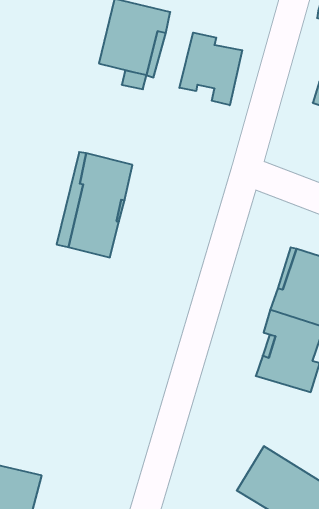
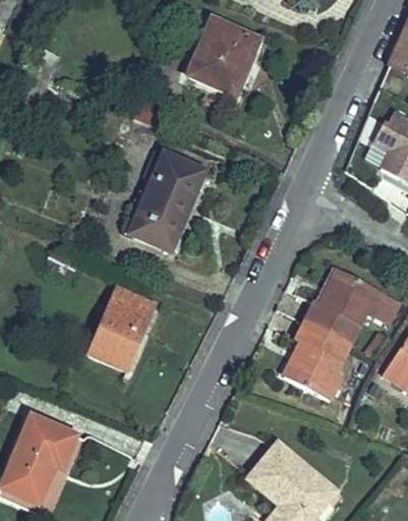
building: [179,33,242,105] -> none
building: none -> [90,288,155,368]

